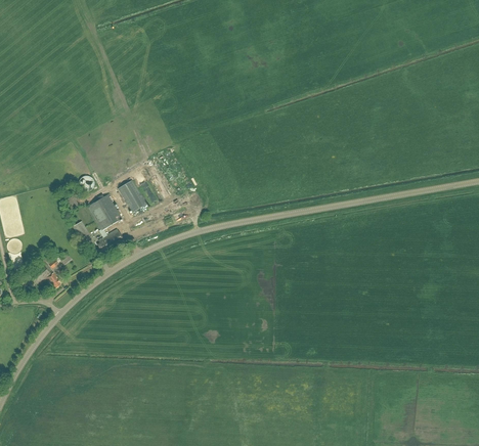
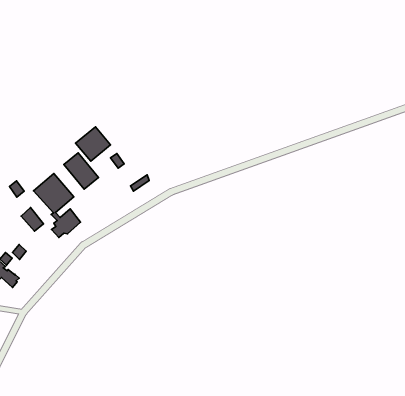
building: none -> [76,127,111,161]

